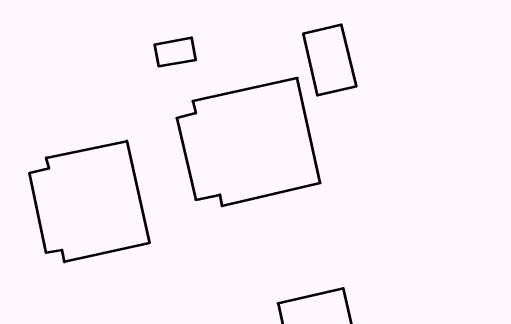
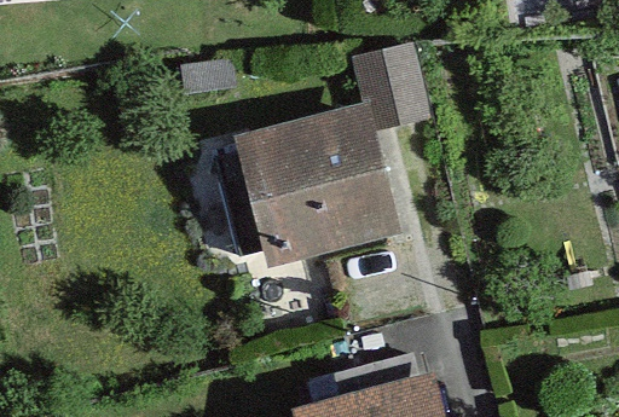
building: [30,141,149,262] -> none

